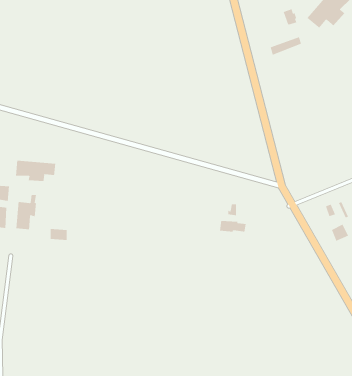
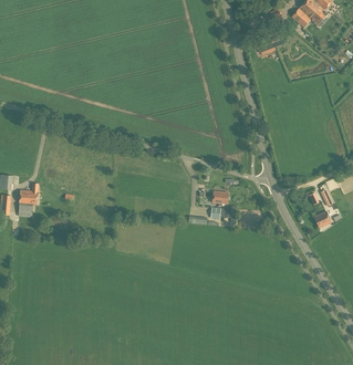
building: [15,160,56,182] -> none

